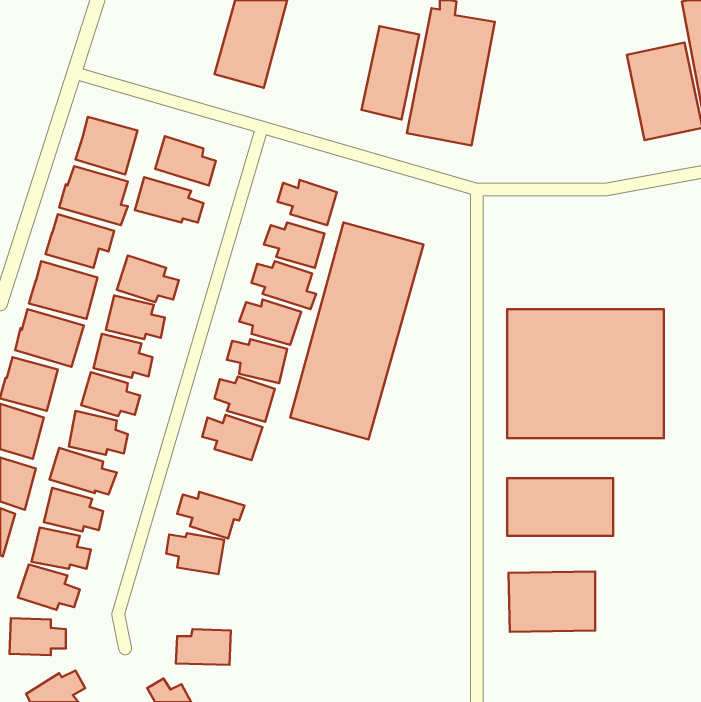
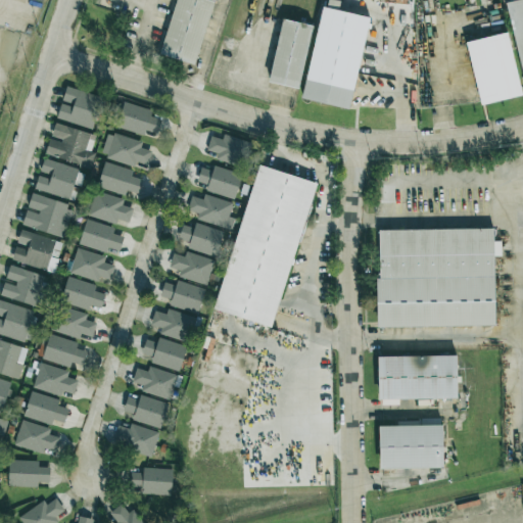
building: none -> [98,162,142,195]
building: none -> [142,338,187,371]
building: none -> [112,423,159,456]

